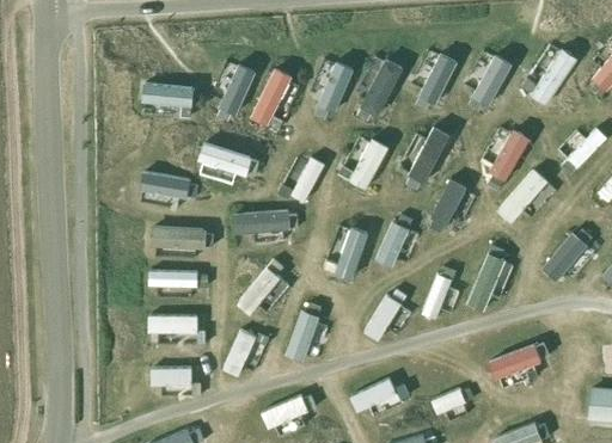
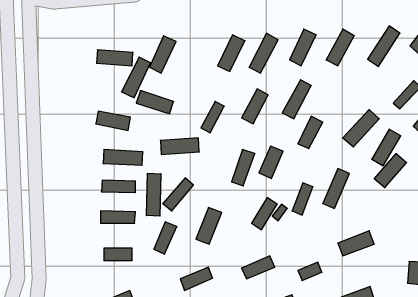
building: [249,68,290,127] -> [122,57,151,98]
building: [488,129,530,181] -> [372,129,401,166]
building: none -> [146,173,161,216]

